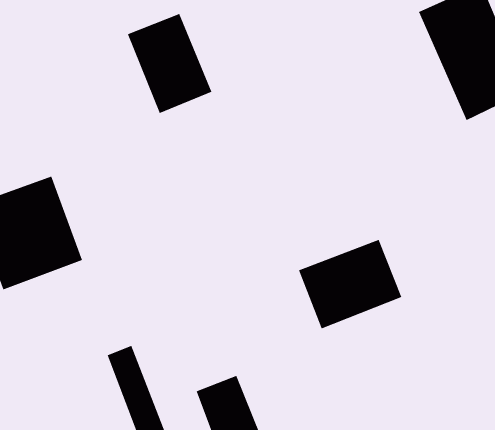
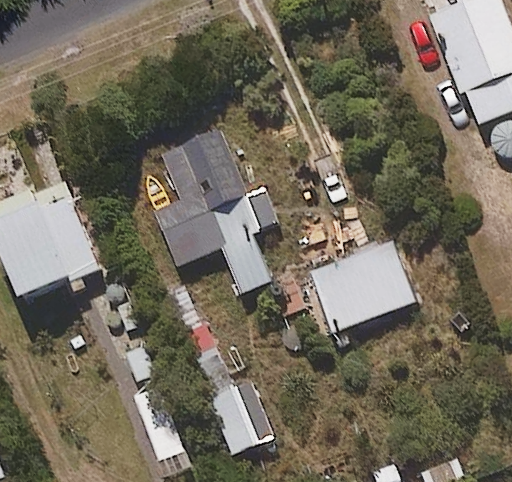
building: [127,13,212,114] -> none
building: none -> [154,128,277,293]

